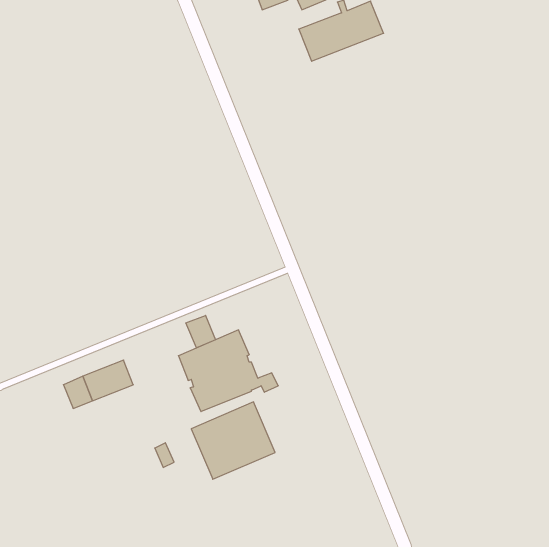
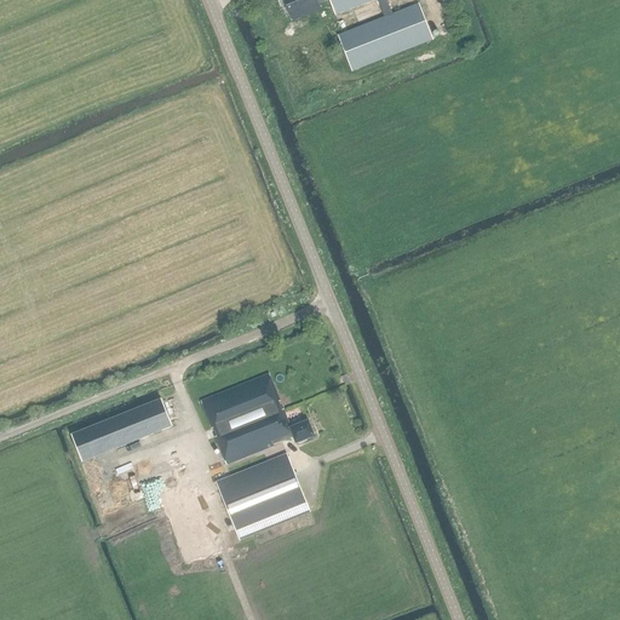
building: [186,315,216,348] -> none
building: none -> [139,397,172,434]

